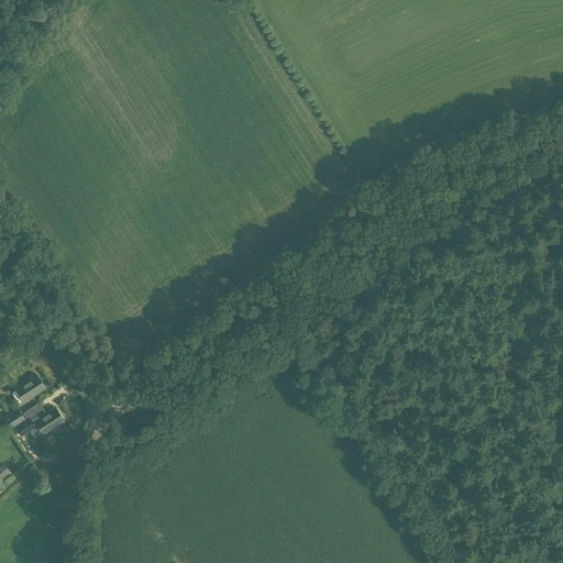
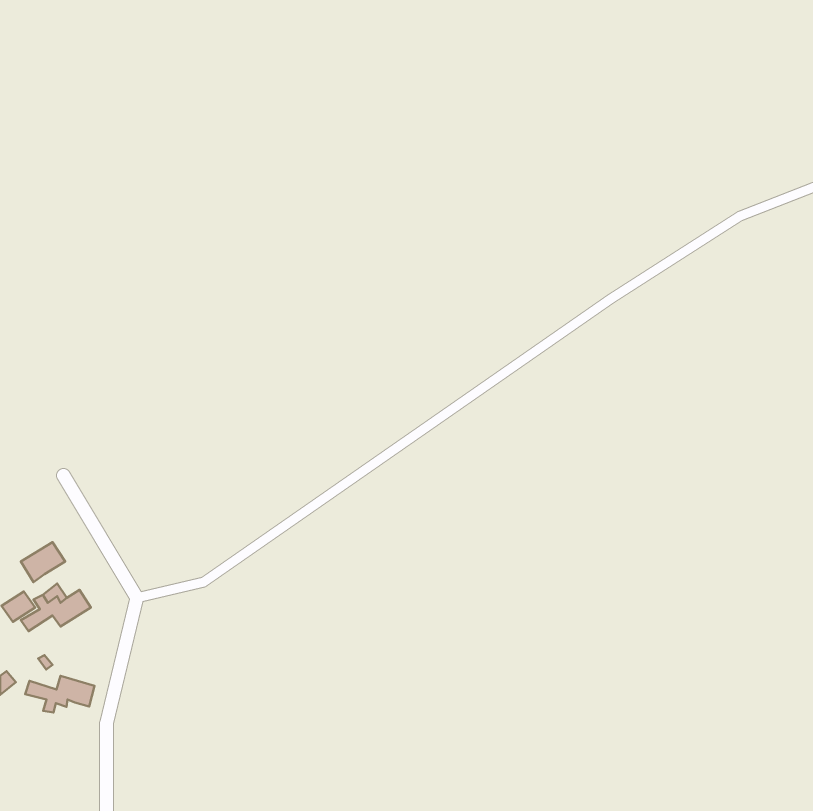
building: none -> [25,676,94,713]

